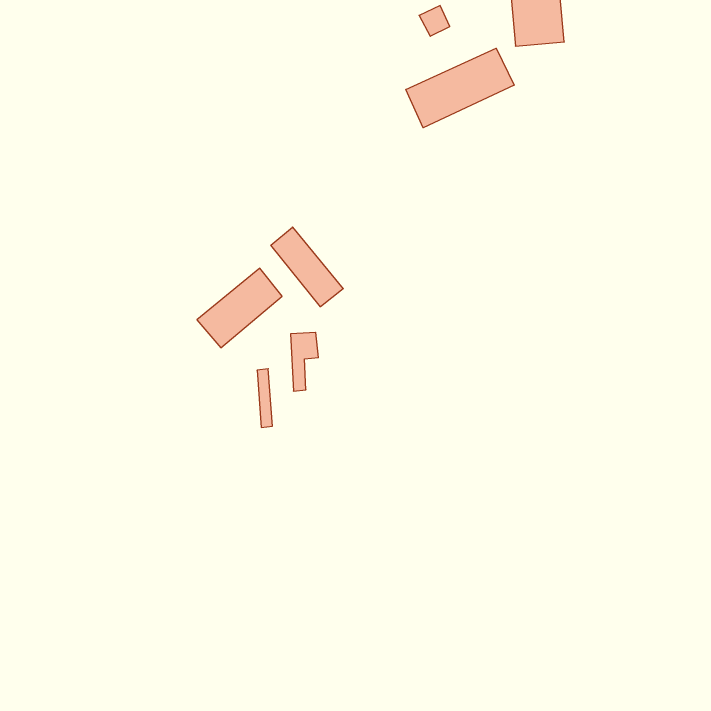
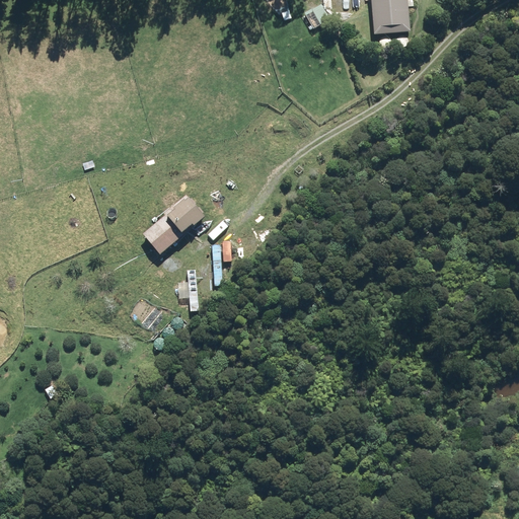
building: [406,48,514,128] -> none
building: [271,227,343,307] -> none

